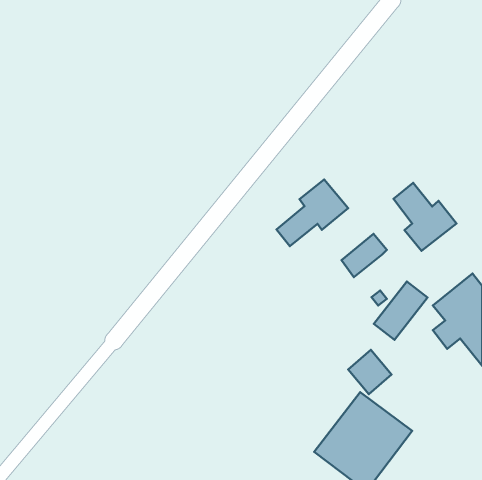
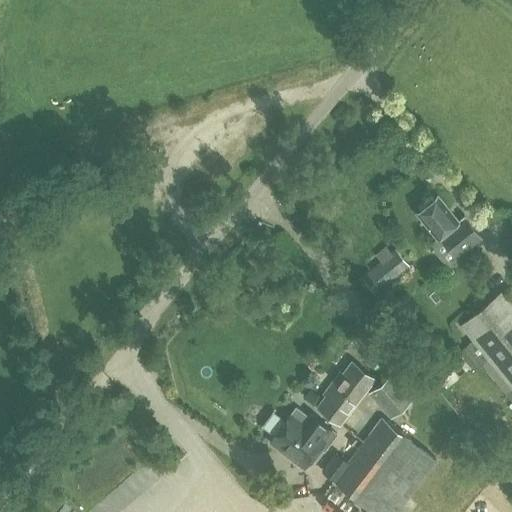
building: [277,180,348,246] -> none
building: [374,281,428,340] -> [318,363,375,425]
building: none -> [270,408,337,470]

